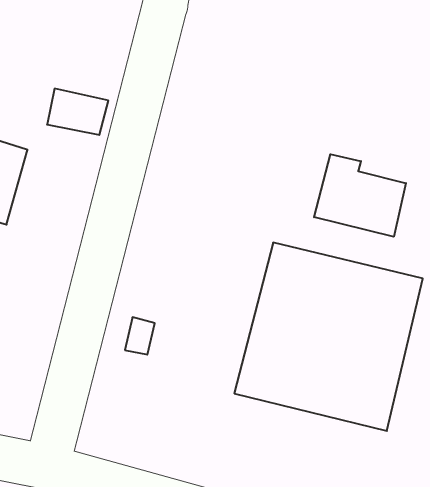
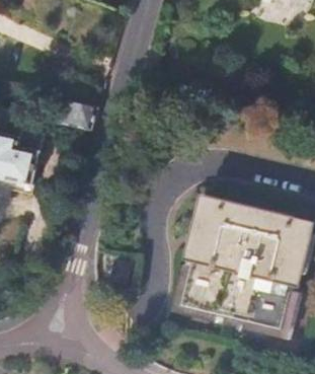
building: [314,154,406,237] -> none

